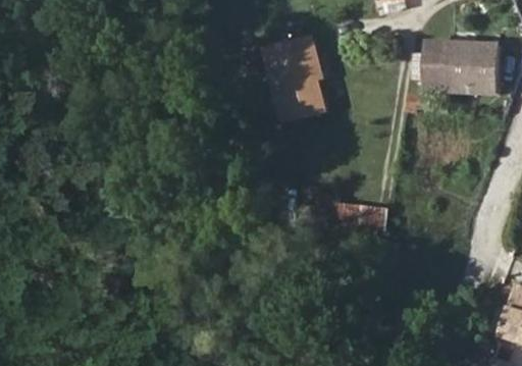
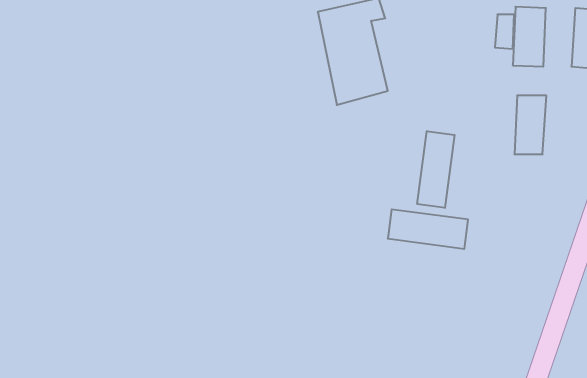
building: [449,43,474,90] -> [514,96,546,154]
building: none -> [417,131,455,208]

